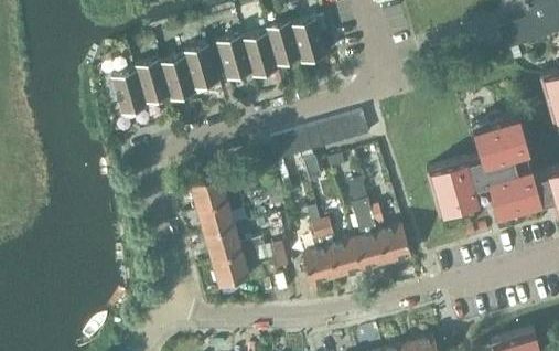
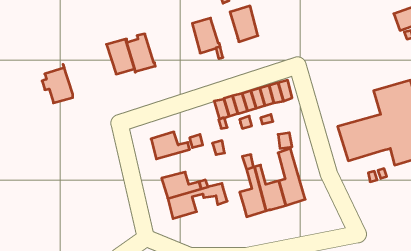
building: [266,21,301,65] -> none
building: [217,35,252,79] -> none
building: [184,45,219,89] -> none
building: [109,66,148,115] -> [42,64,73,103]
building: [198,199,243,235] -> none
building: [369,203,411,262] -> none

